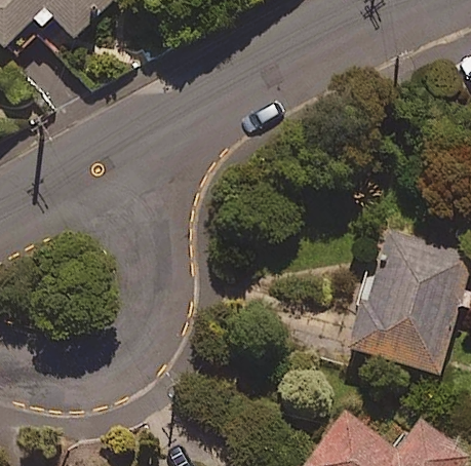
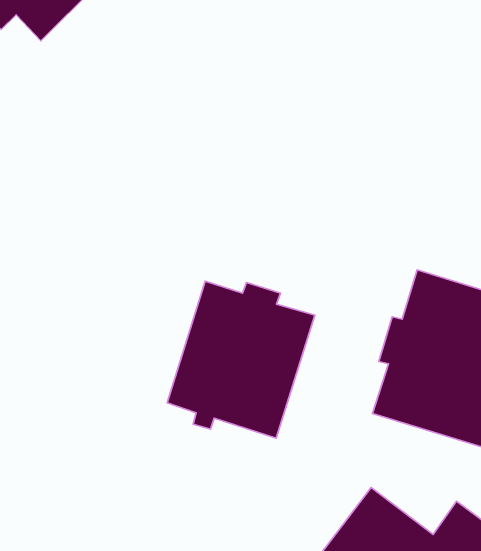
building: none -> [167,281,315,438]

